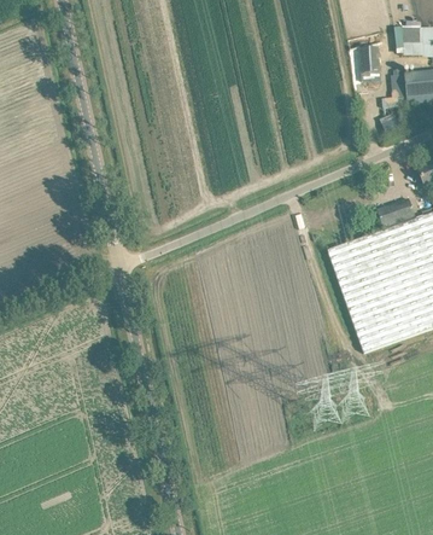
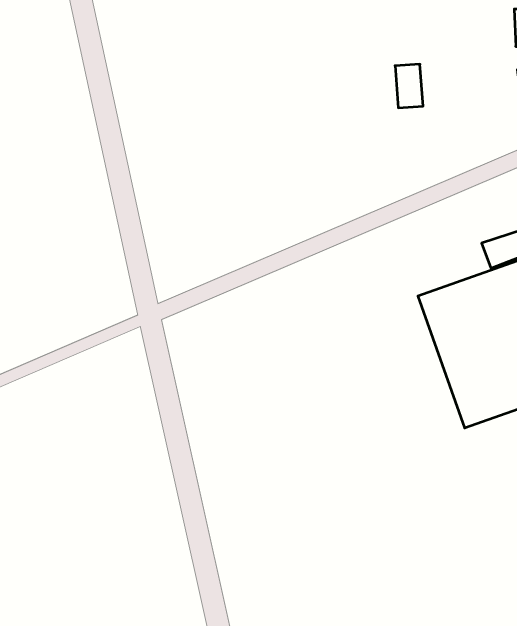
building: [359,46,381,80] -> [395,64,423,108]

